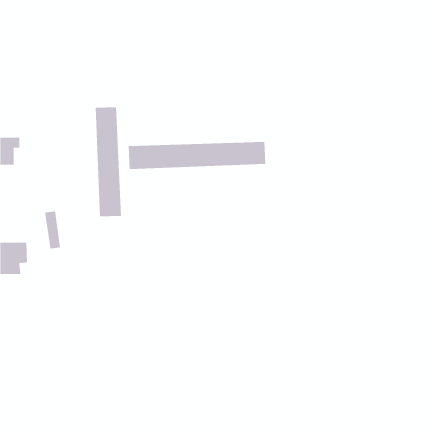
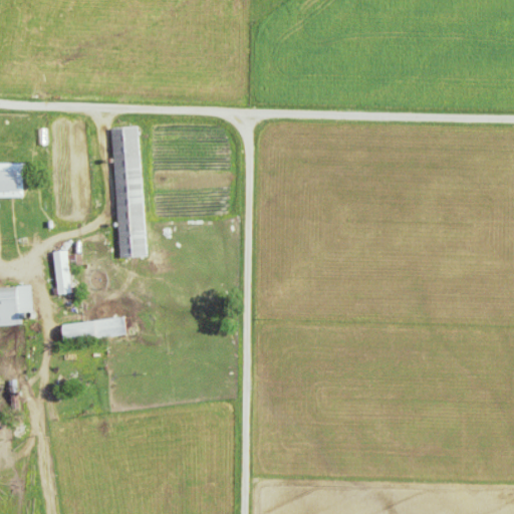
building: [128,141,266,170] -> none
building: none -> [62,317,127,340]

